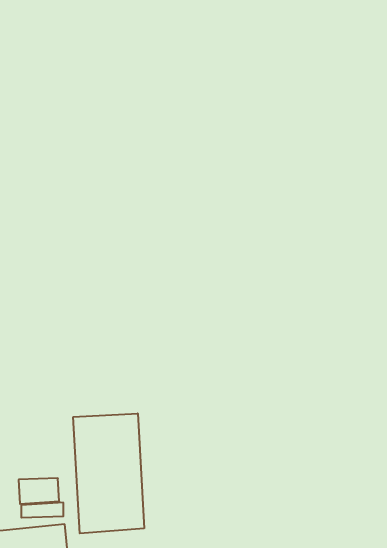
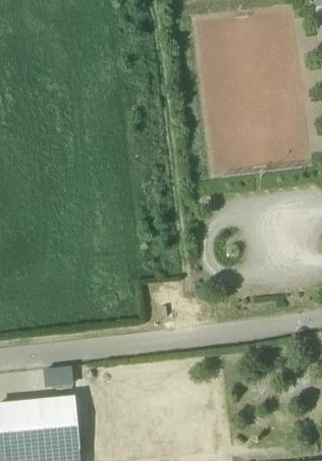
building: [73,413,144,533] -> none

